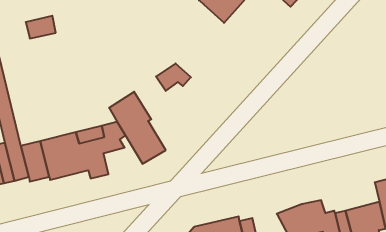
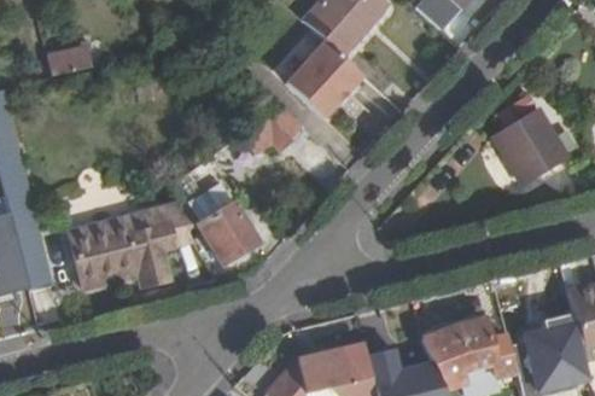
building: none -> [285,27,361,115]
building: none -> [492,106,567,185]

